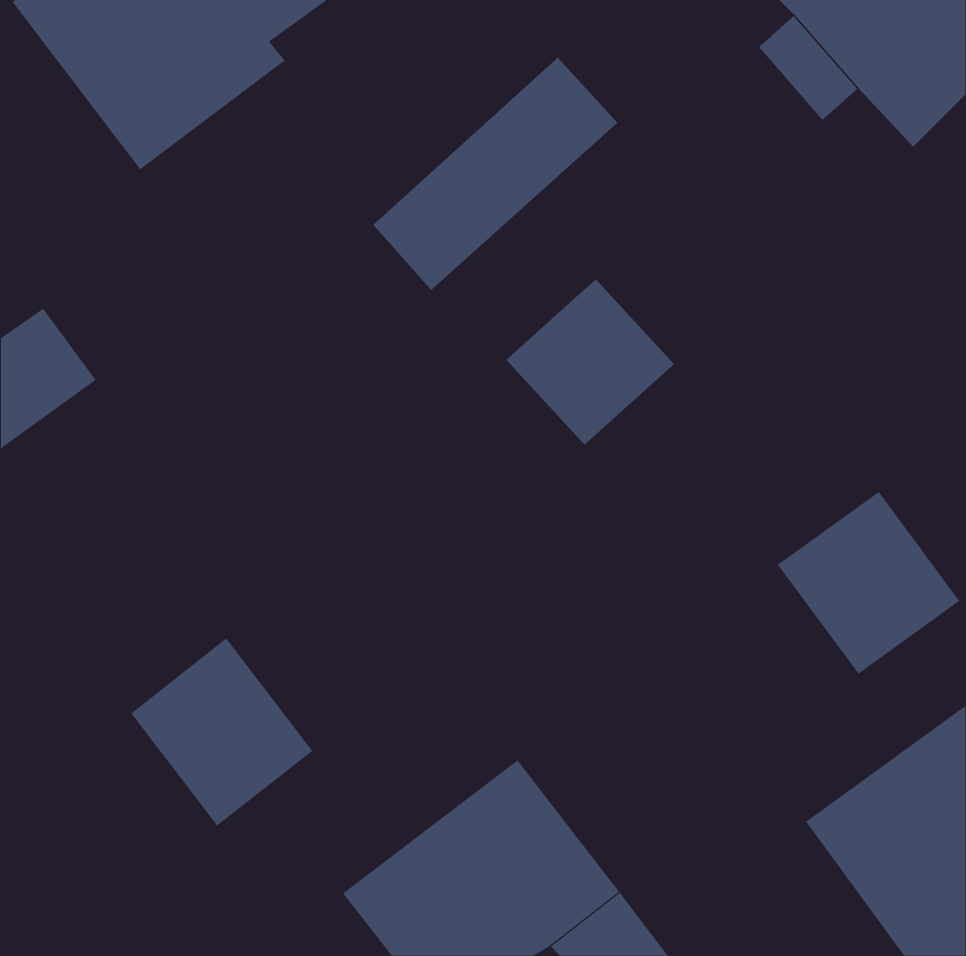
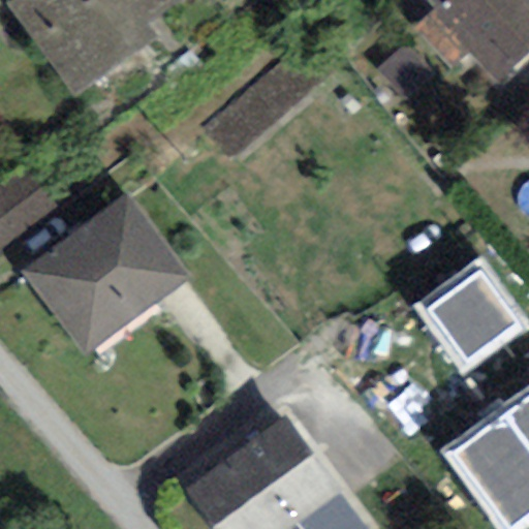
building: [505,278,675,445] -> none
building: none -> [24,191,188,350]
building: [130,638,313,827] -> none

